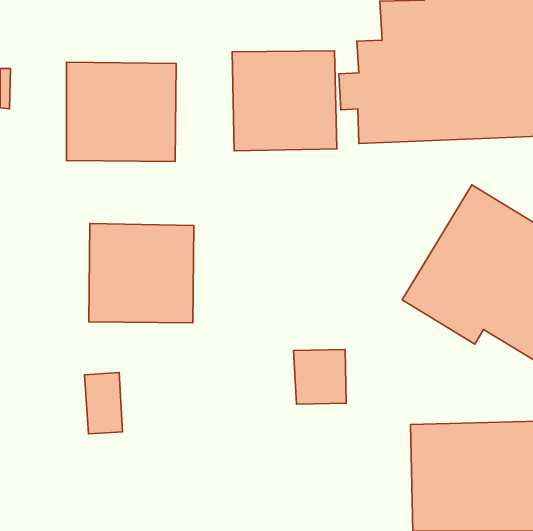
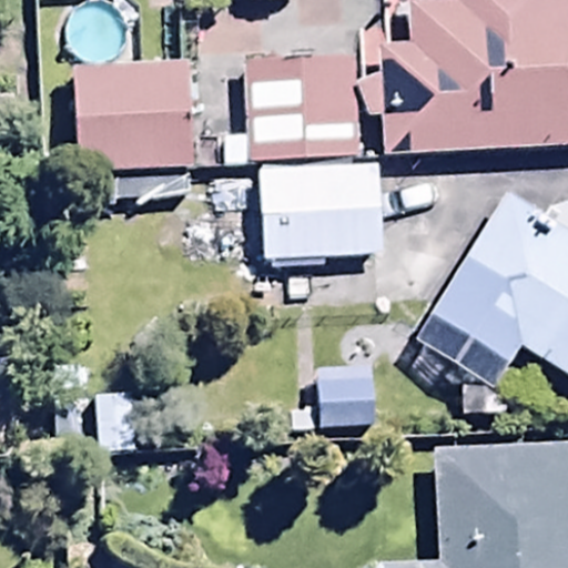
building: none -> [258,163,378,267]
building: [89,224,194,323] -> none

